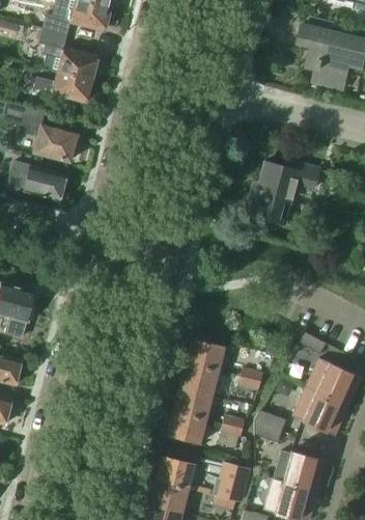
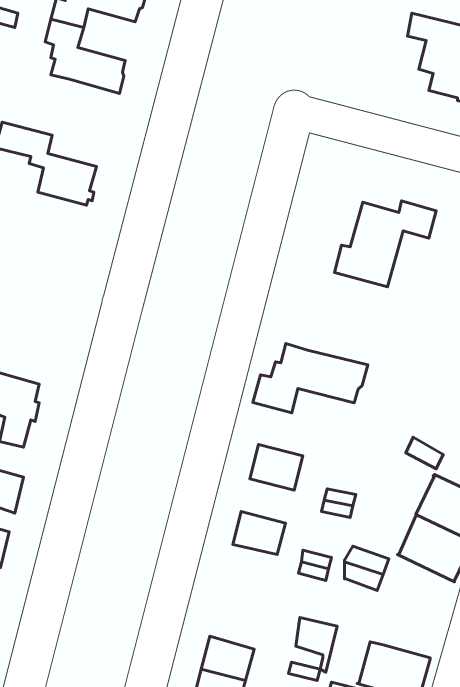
building: [33,72,92,102] -> none
building: [17,164,65,201] -> none
building: none -> [253,344,368,413]
building: [180,361,219,393] -> none
building: [168,409,206,441] -> none
building: [283,450,326,491] -> none
building: [158,454,196,485] -> none

